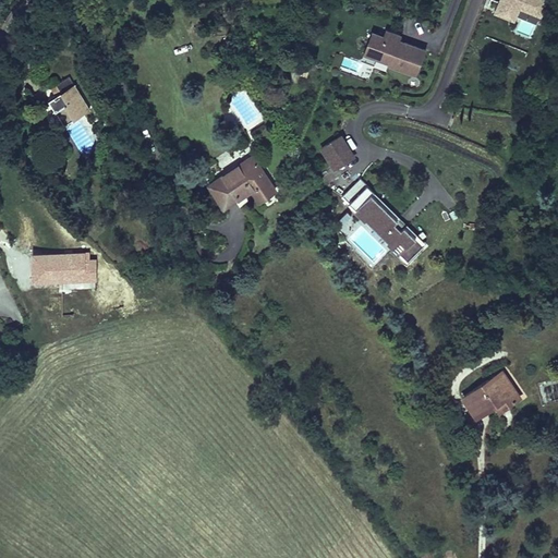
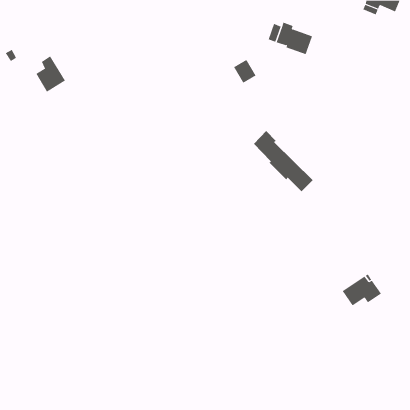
building: [322,136,353,169] -> [233,59,257,83]
building: [208,157,274,207] -> none
building: [32,255,95,282] -> none

